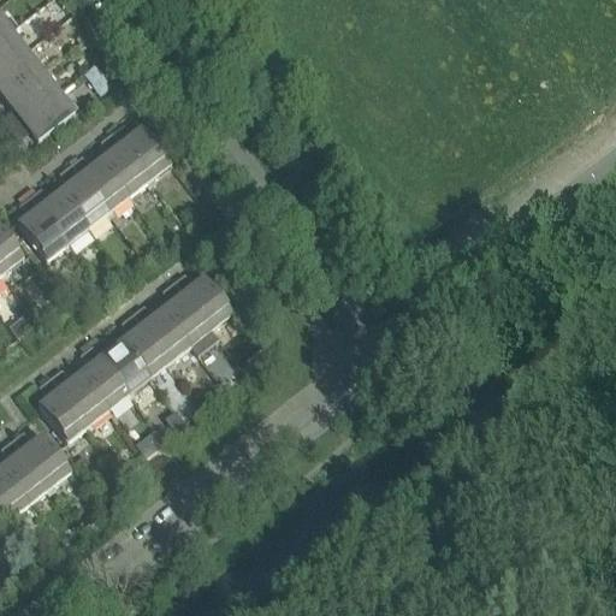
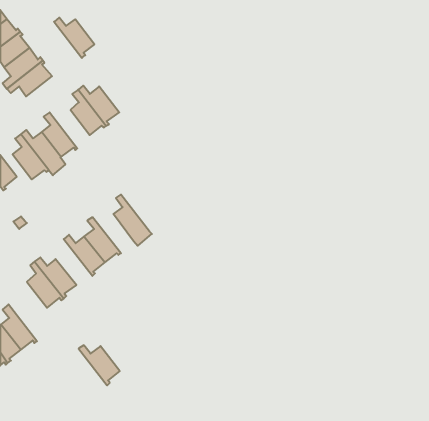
building: [71,155,129,213] -> [54,18,94,58]
building: [173,272,233,332] -> none
building: [132,306,191,363] -> none
building: [79,343,132,409] -> none
building: [12,432,71,490] -> [79,345,120,385]

